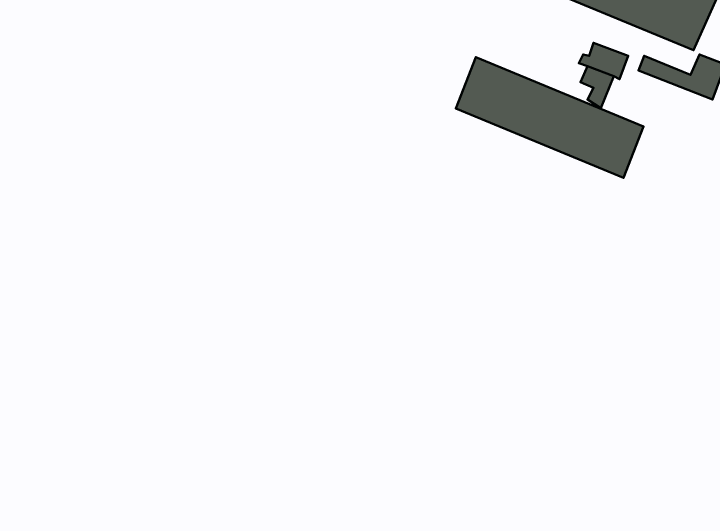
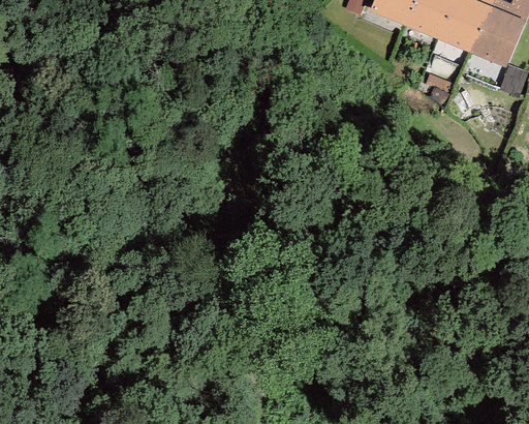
building: [456,57,643,178] -> none

